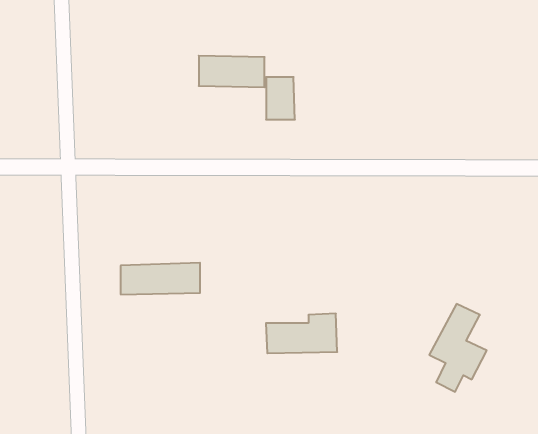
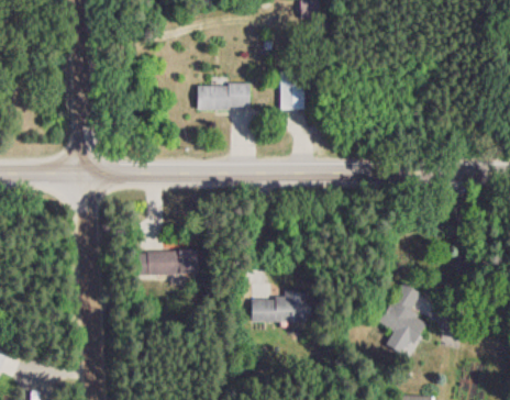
building: [266,77,295,120] -> [282,76,306,110]

